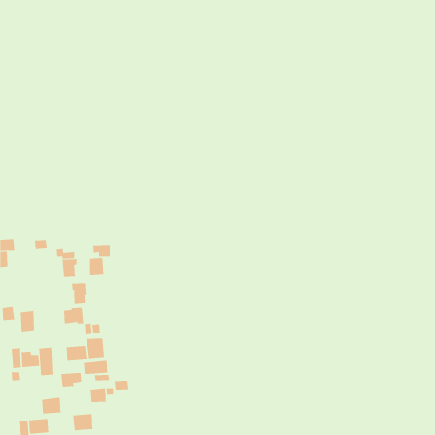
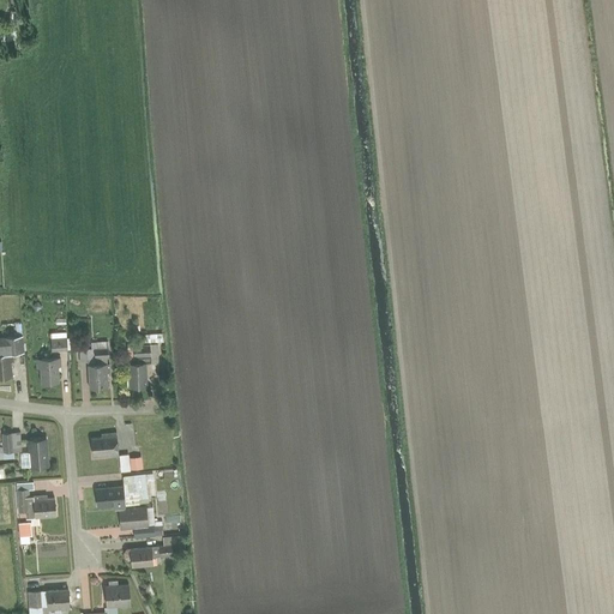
building: none -> [35,359,60,384]
building: [71,283,87,305] -> none
building: [39,347,53,376] -> none
building: [60,372,82,388] -> none
building: [42,397,61,415] -> none

